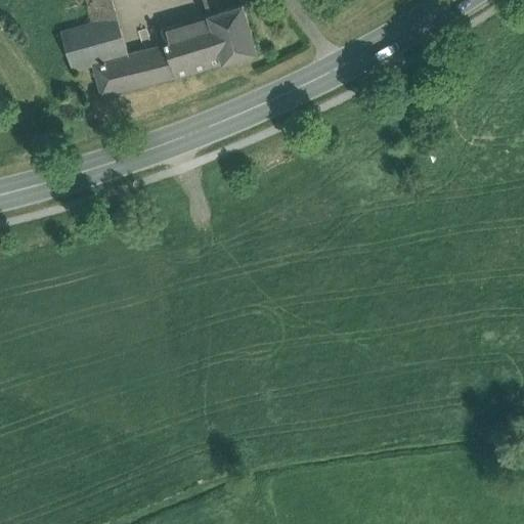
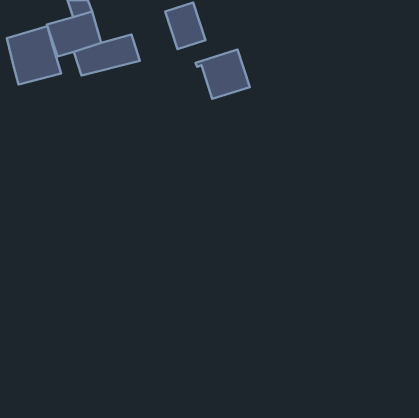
building: [154,16,221,78] -> [196,50,250,99]
building: none -> [7,26,61,84]

